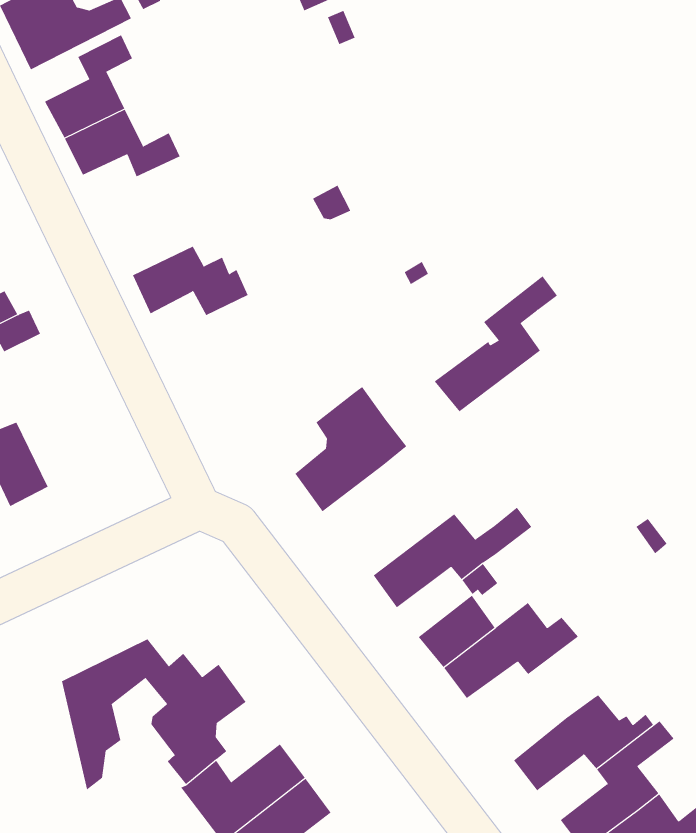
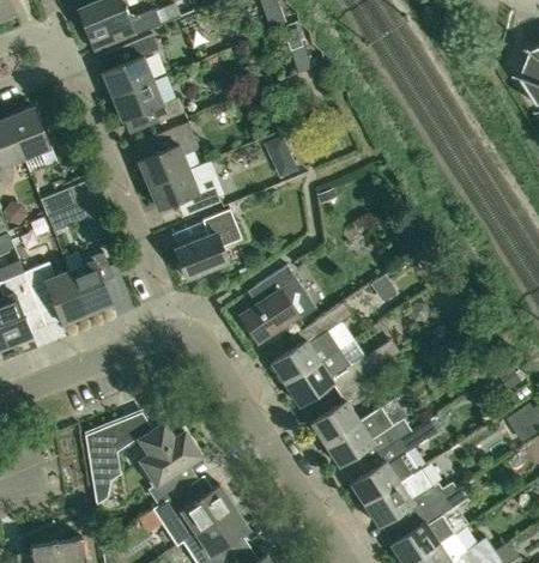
building: none -> [138,122,199,184]
building: [434,276,558,412] -> [271,302,352,383]
building: none -> [174,208,242,278]
building: none -> [69,252,111,313]
building: none -> [351,426,426,506]

